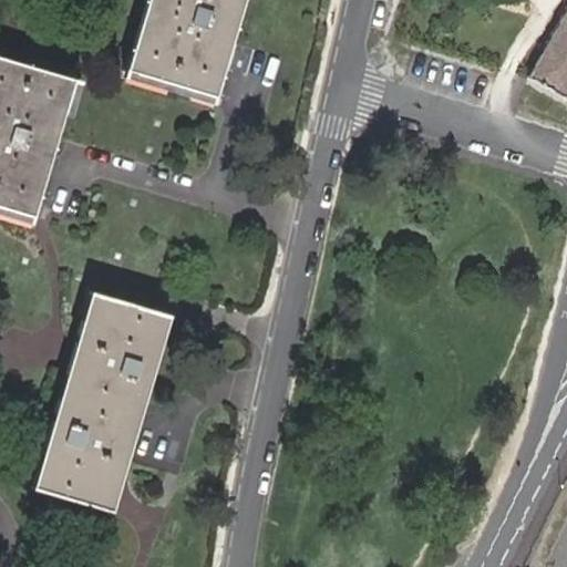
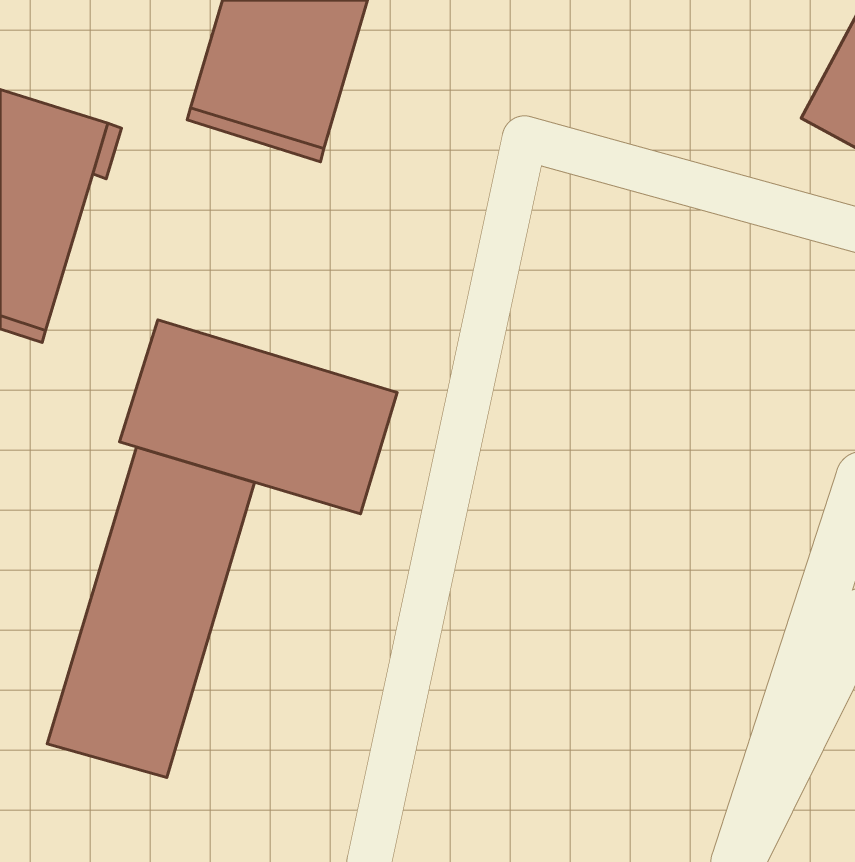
building: none -> [119,320,397,514]

